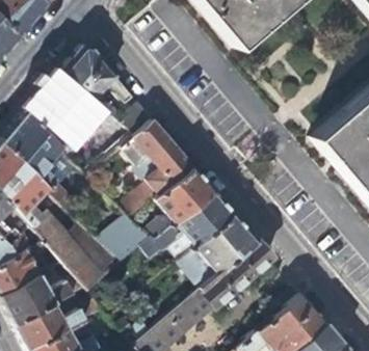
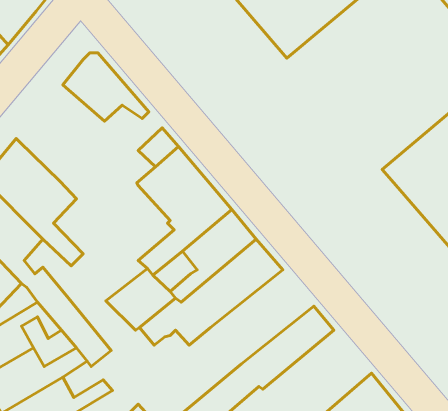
building: [30,73,123,161] -> none
building: [179,214,259,287] -> none
building: [69,222,121,276] -> none

